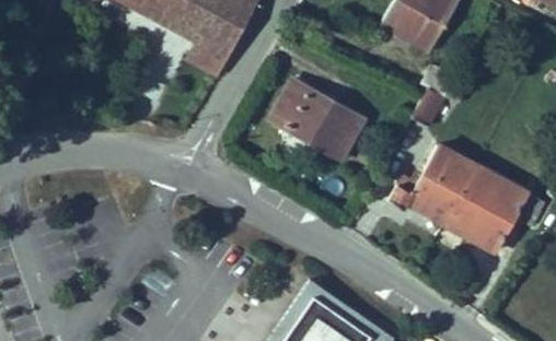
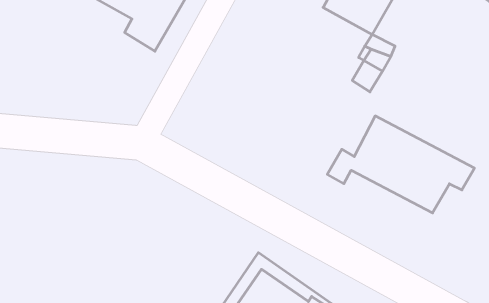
building: [270,80,359,157] -> none

